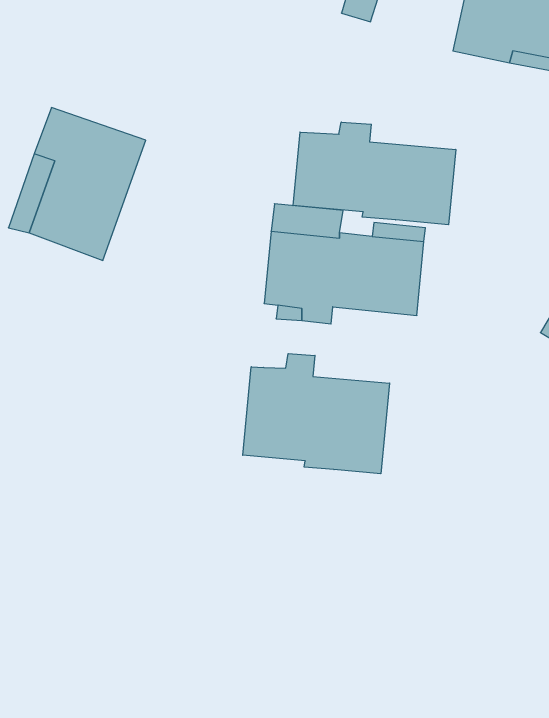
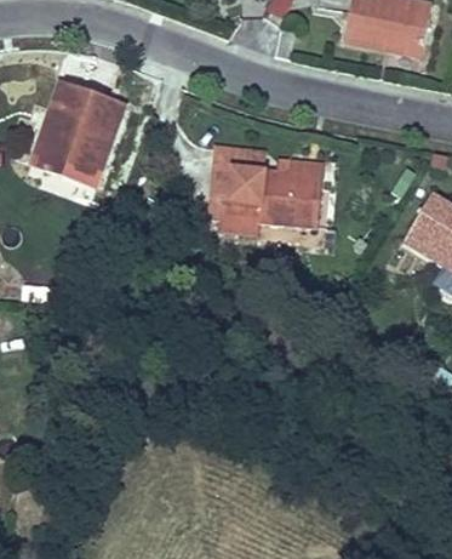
building: [293,122,456,225] -> none
building: [243,354,390,474] -> none

